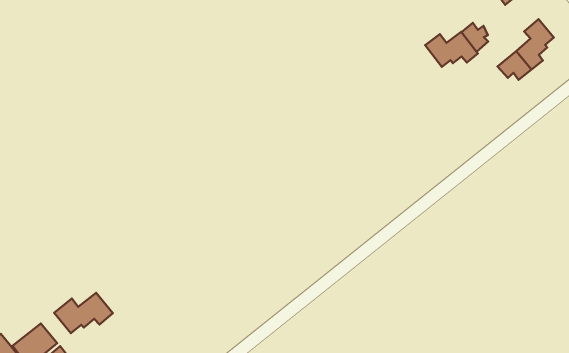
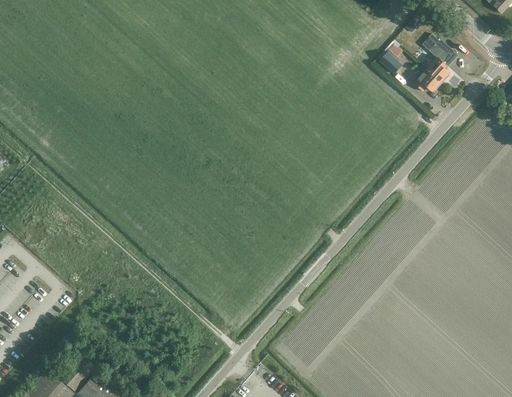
building: [425,32,478,67] -> none
building: [54,293,113,333] -> none

